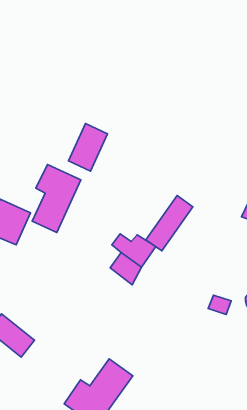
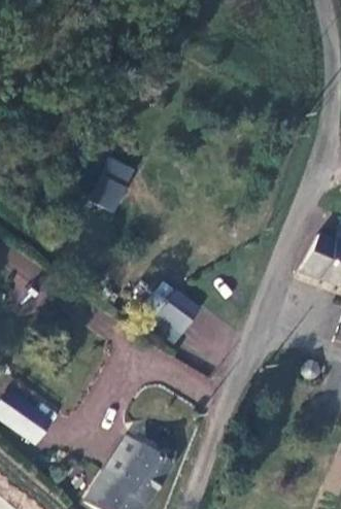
building: [32,164,81,233] -> none
building: [146,196,193,251] -> none

